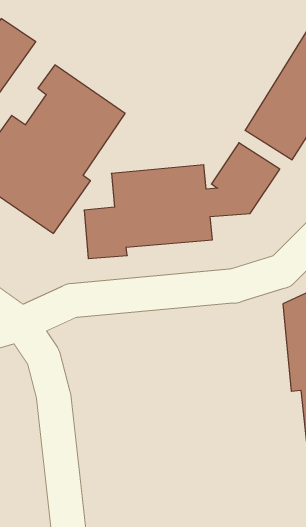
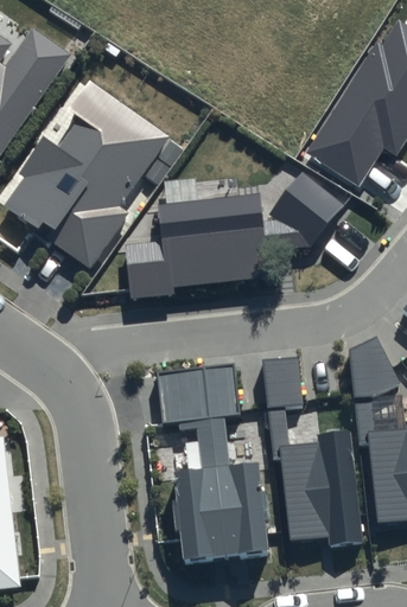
building: none -> [263,356,363,545]
building: none -> [155,362,271,558]

